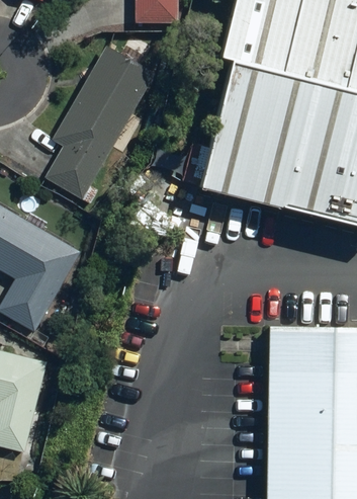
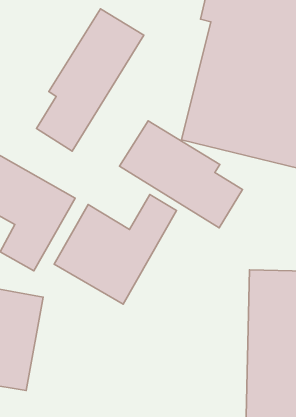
building: none -> [120,121,242,228]
building: none -> [54,195,177,304]

